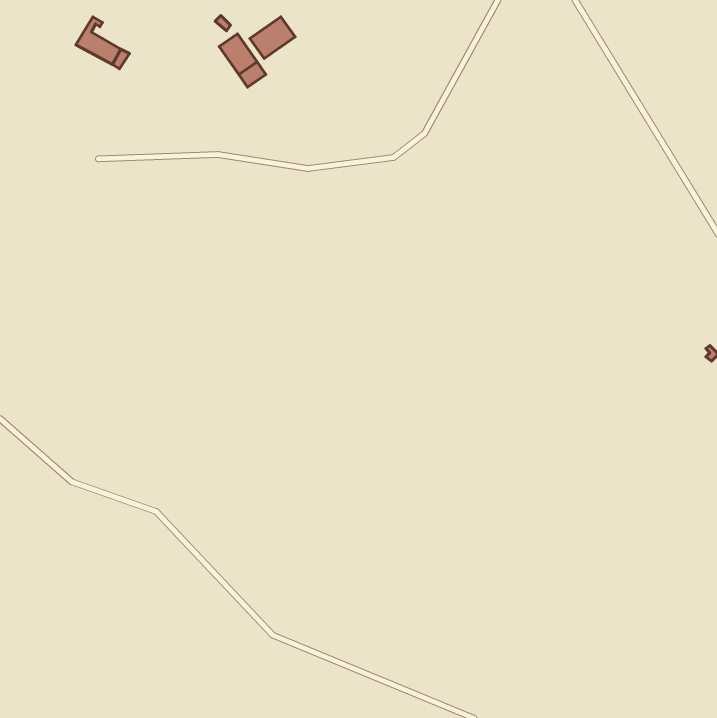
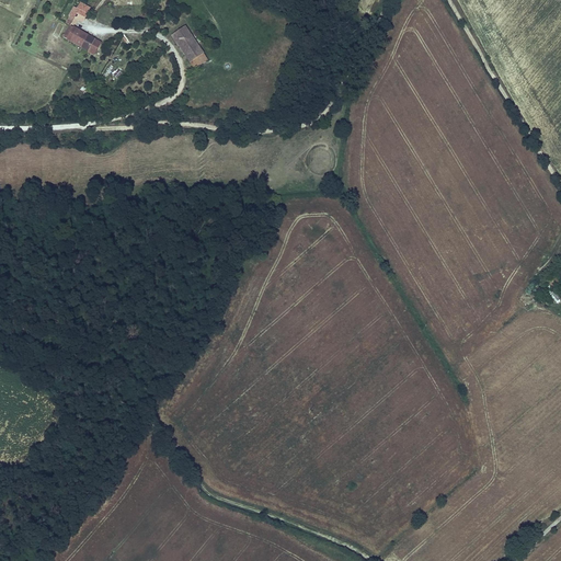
building: [250,17,295,59] -> none

